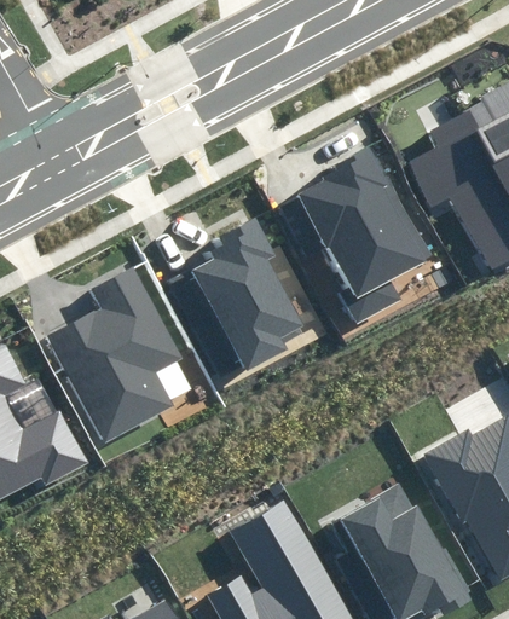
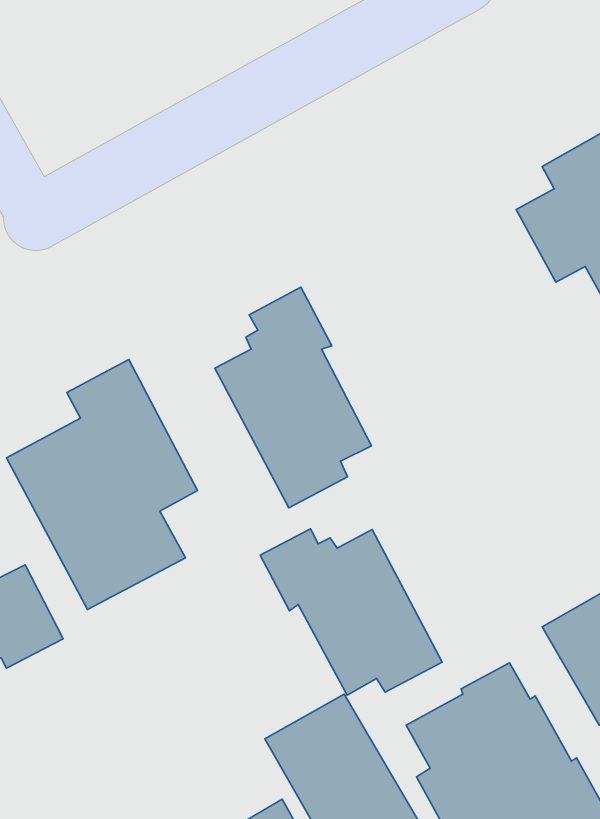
building: [300,146,432,322] -> none
building: none -> [260,529,442,695]

